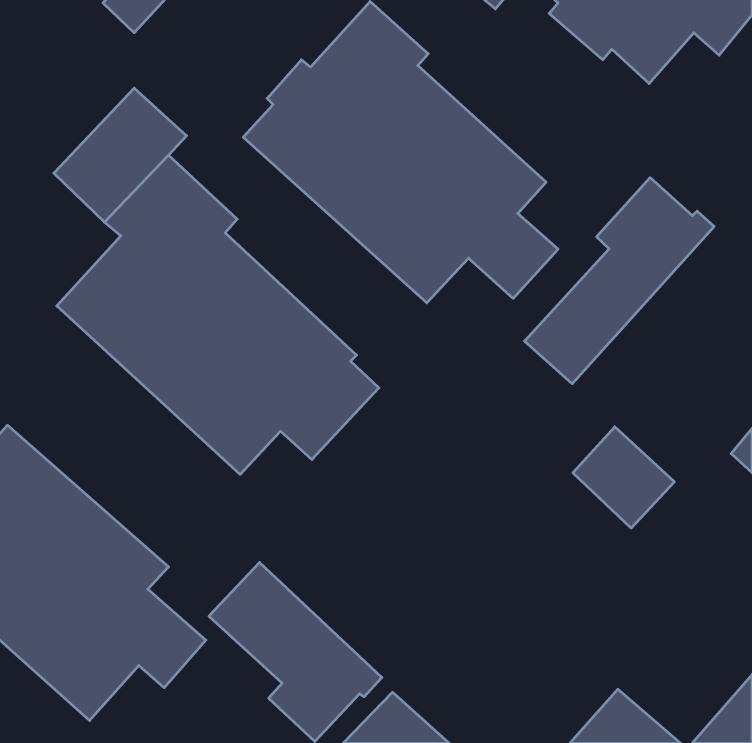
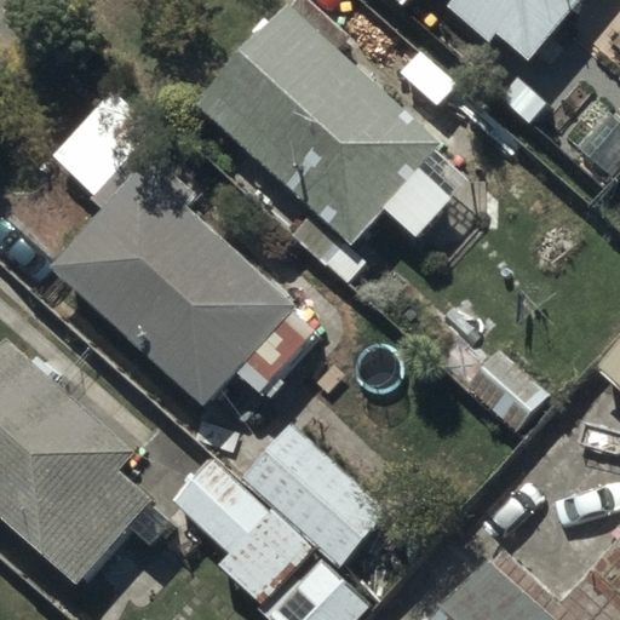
building: [524,178,714,384] -> none
building: none -> [240,424,388,569]

